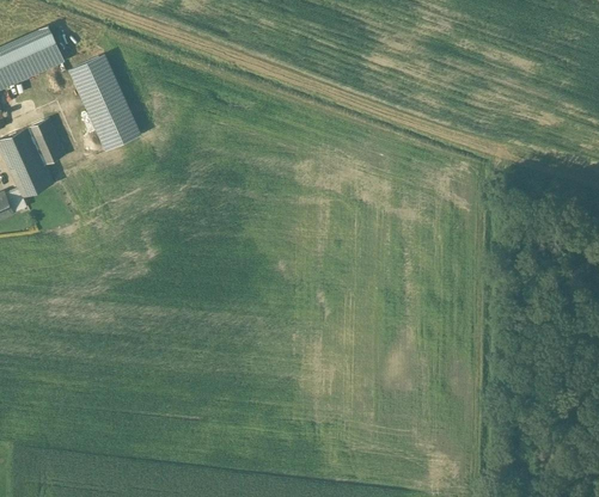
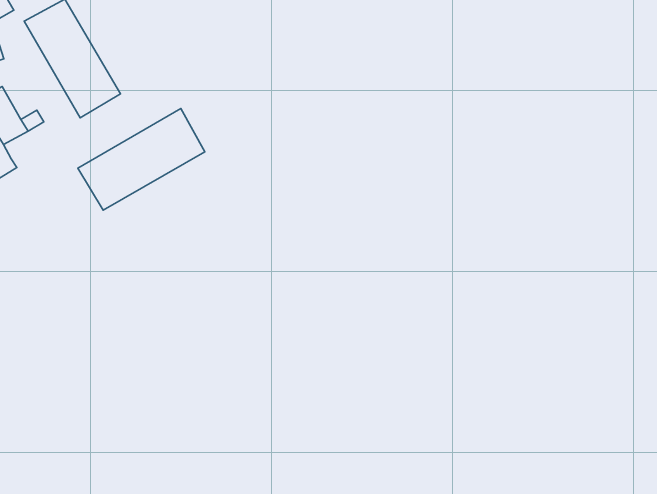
building: none -> [78,109,205,210]

